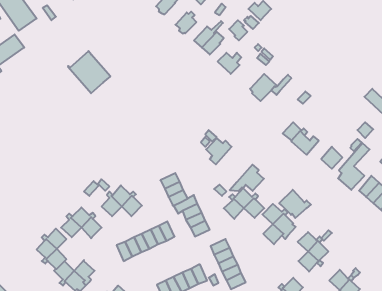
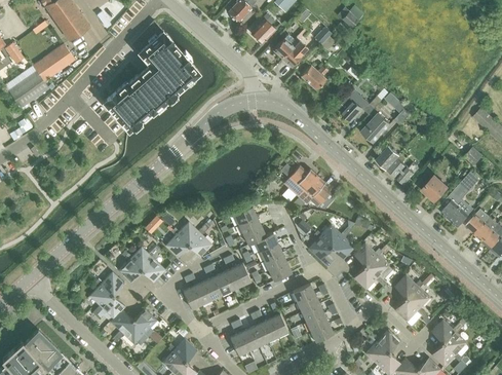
building: none -> [131,21,199,93]
building: none -> [104,82,153,130]
building: none -> [361,114,390,143]
building: [230,165,264,191] -> [291,176,331,207]
building: [279,190,311,218] -> none

